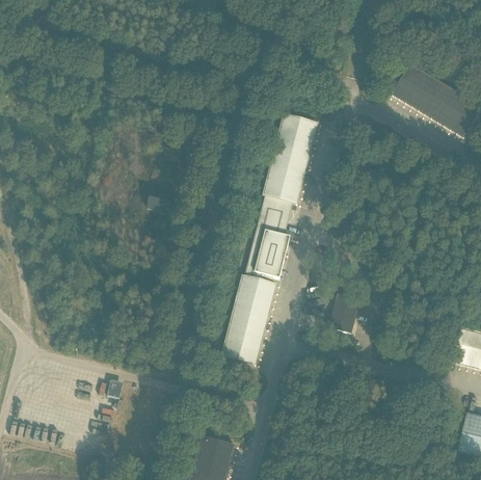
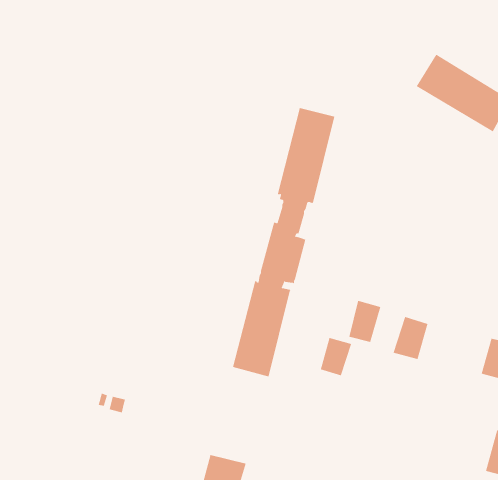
building: none -> [393,316,428,360]
building: none -> [320,337,352,376]

